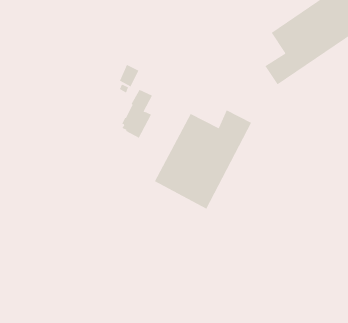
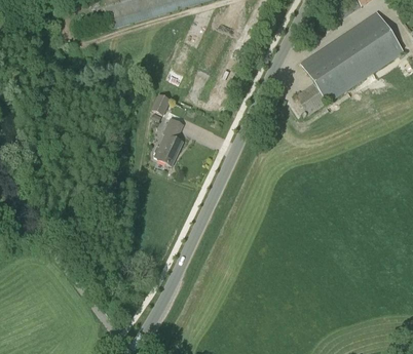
building: [154,110,252,210] -> none

